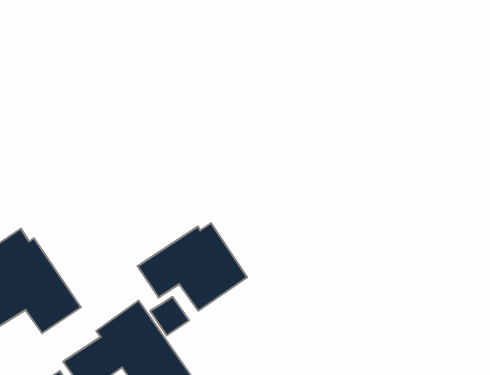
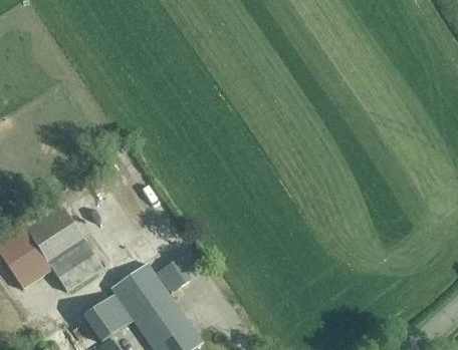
building: [137,223,247,311] -> none

